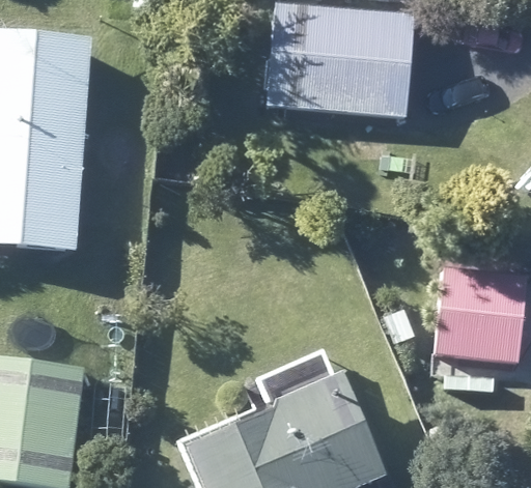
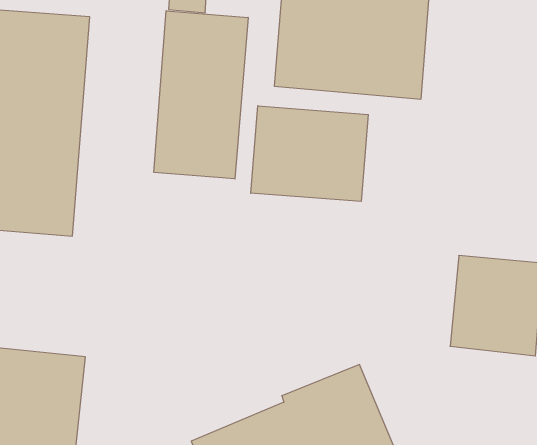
building: none -> [154,11,248,179]
building: none -> [251,106,368,201]

